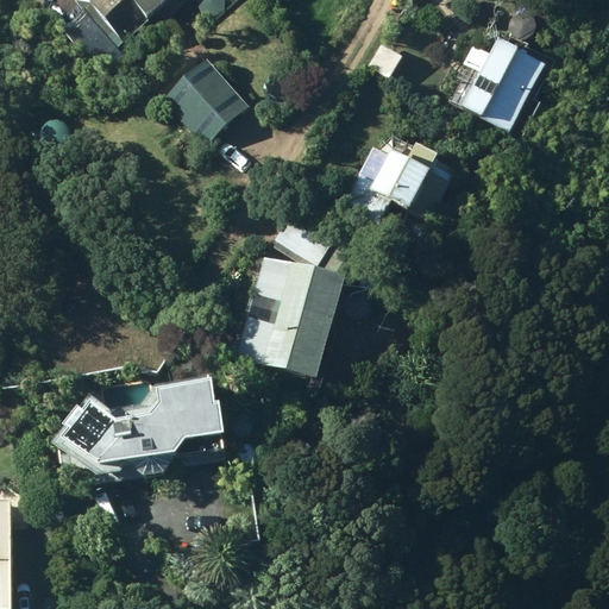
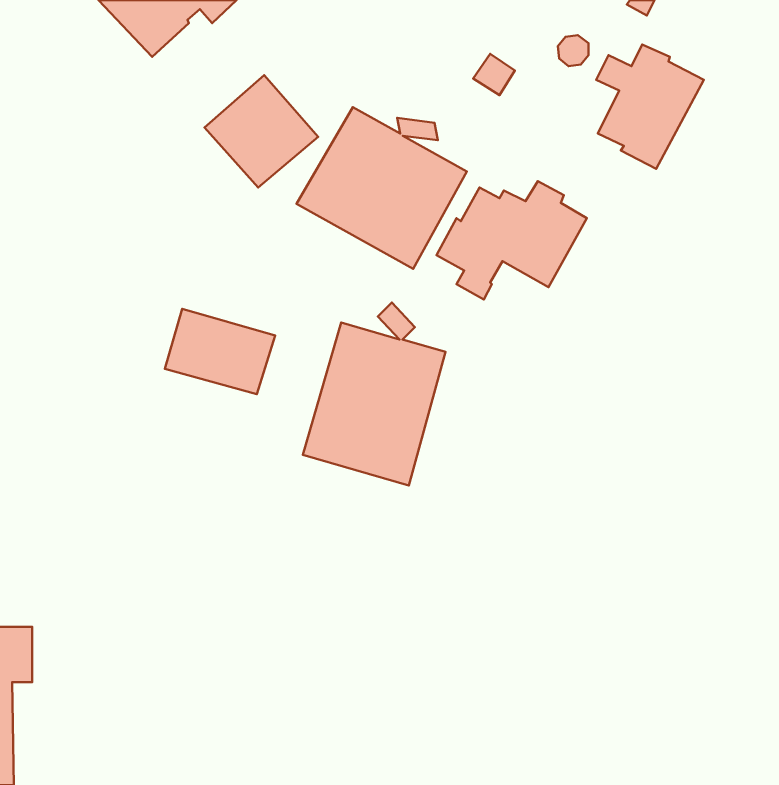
building: none -> [297,107,467,269]
building: none -> [165,309,275,394]
building: [52,377,226,485] -> none

